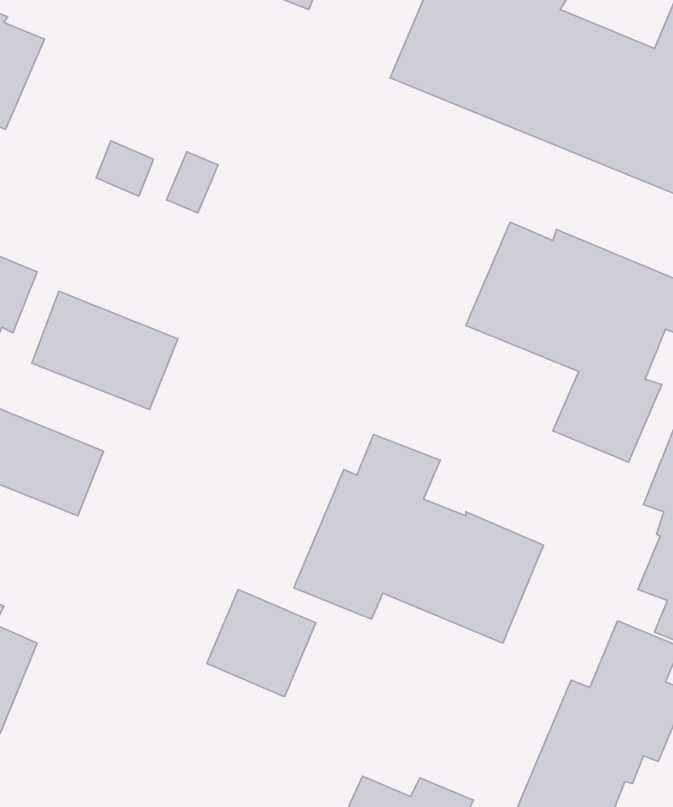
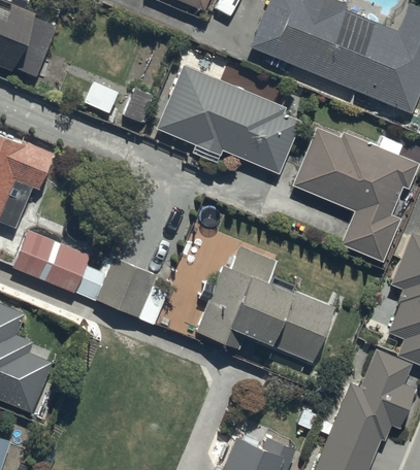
building: none -> [157,65,300,173]
building: [32,291,178,409] -> none
building: [207,590,316,697] -> [96,258,157,317]

